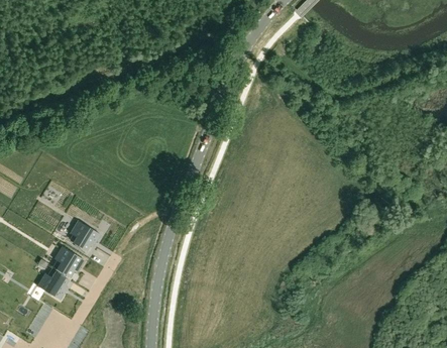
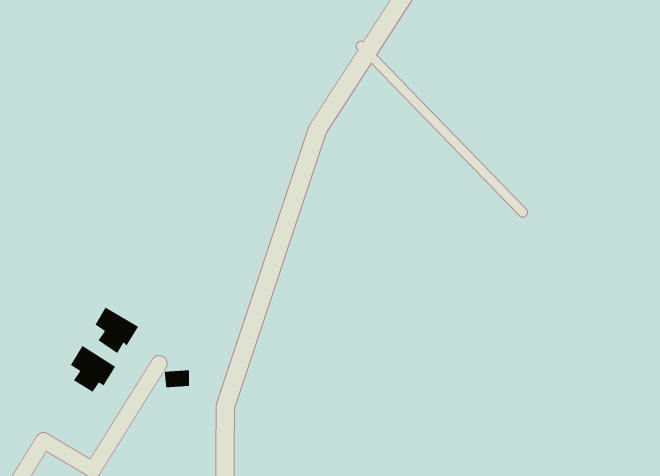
building: [37,271,69,299] -> none

